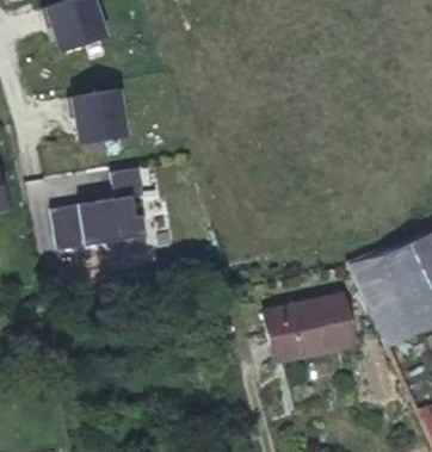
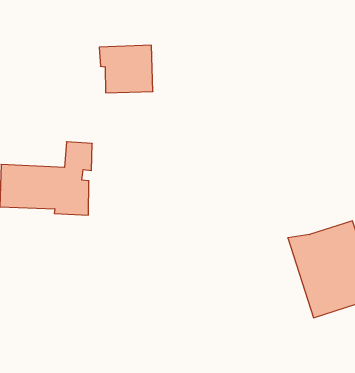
building: [67,83,126,137] -> [99,45,153,93]
building: [269,303,354,360] -> none

